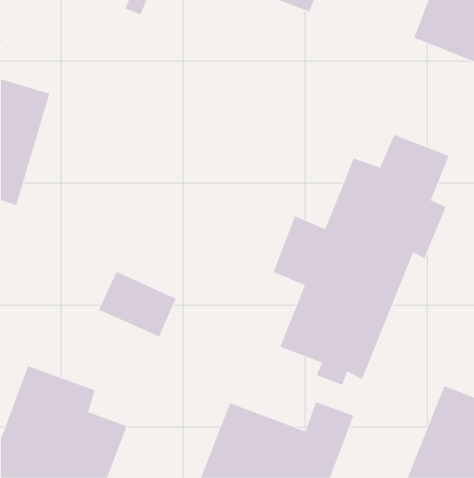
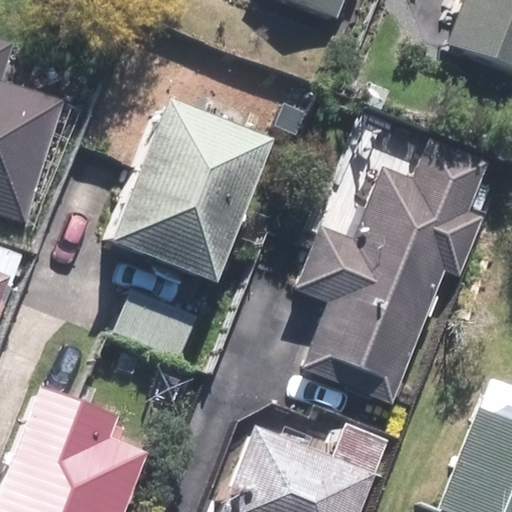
building: none -> [106,101,266,284]

